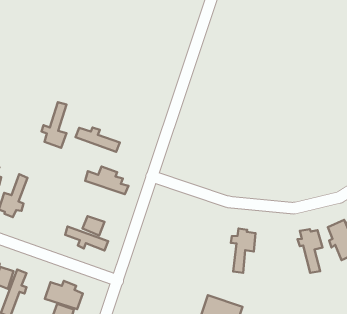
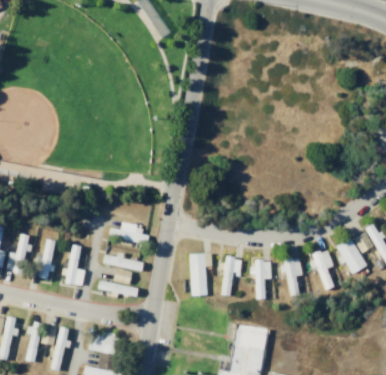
building: [41,102,67,148] -> [62,246,85,287]
building: [76,127,120,152] -> [103,253,144,272]
building: none -> [189,253,212,297]
building: none -> [218,256,241,297]
building: none -> [280,257,303,299]

